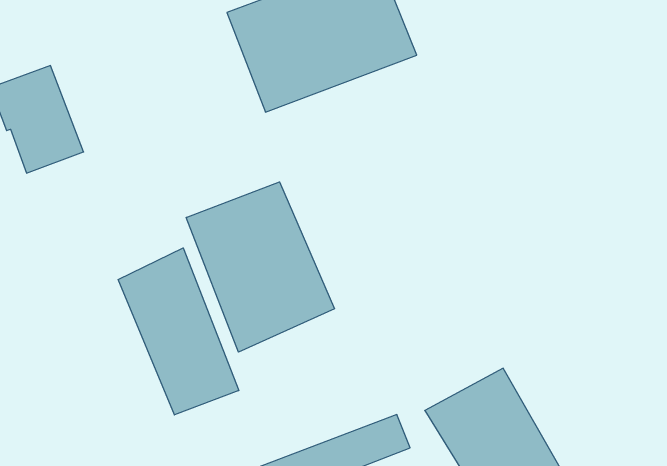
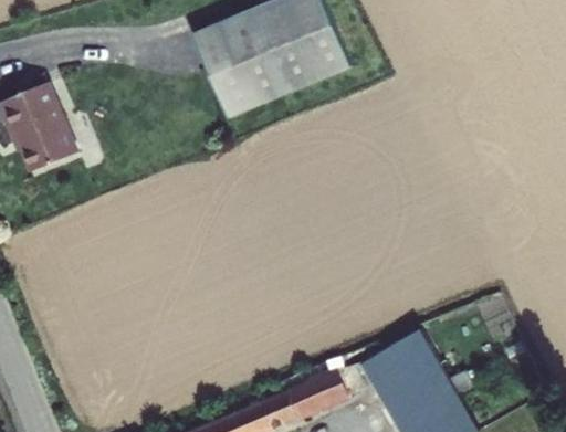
building: [186,182,334,352] -> none
building: [118,248,239,415] -> none

